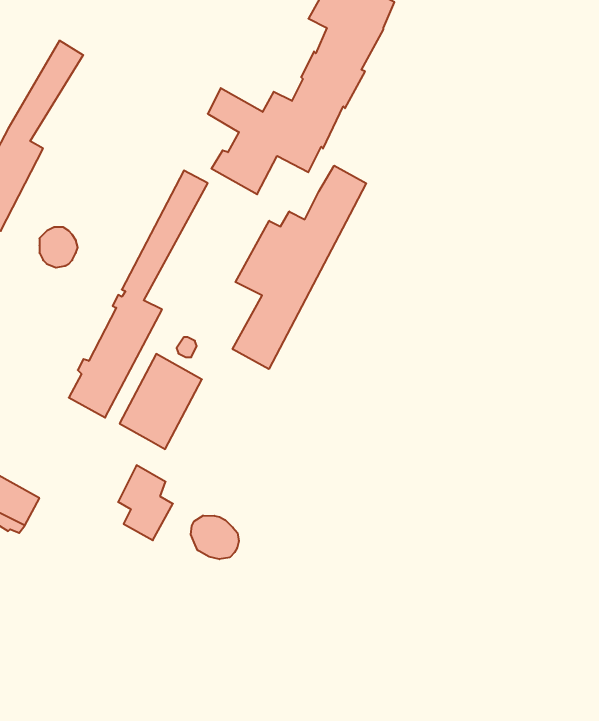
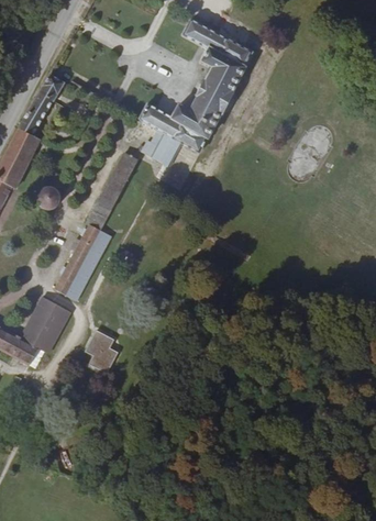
building: [233,166,366,369] -> none
building: [120,354,202,449] -> [20,297,69,354]
building: [191,515,239,559] -> none

